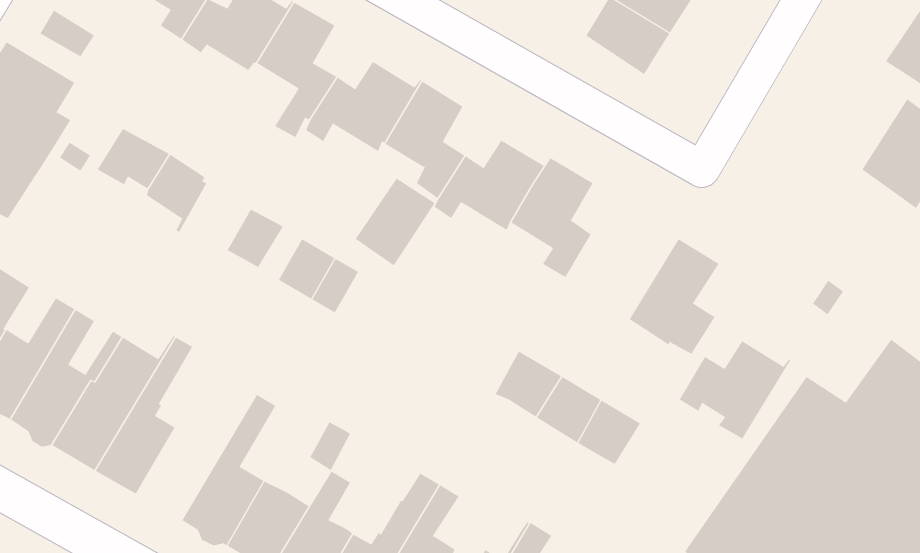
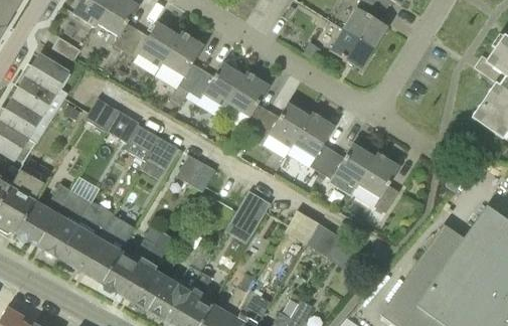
building: [355,178,436,266] -> [226,190,268,235]
building: none -> [124,125,160,160]
building: [679,340,791,441] -> [321,143,378,194]
building: none -> [102,226,163,297]

